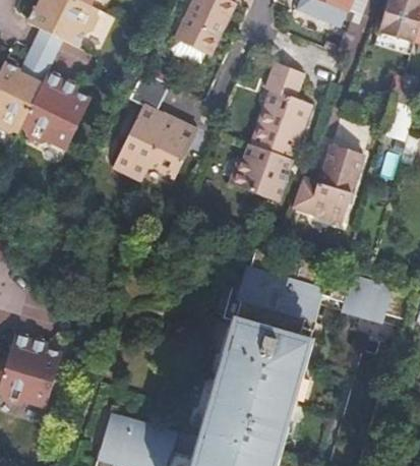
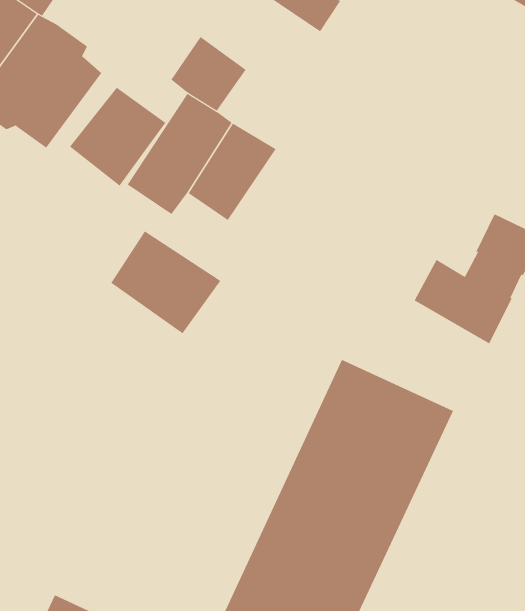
building: [233,64,307,202] -> none
building: none -> [69,87,166,187]
building: none -> [110,230,221,334]

